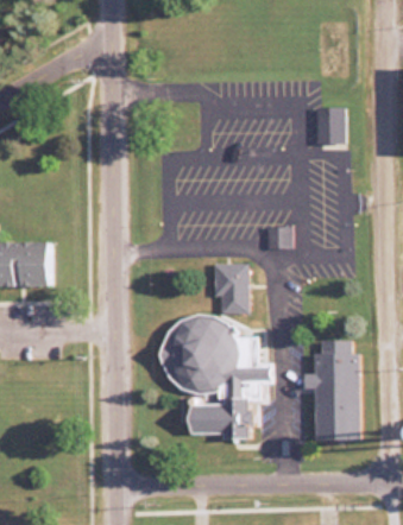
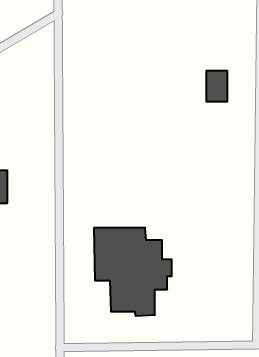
building: [216,264,248,314] -> none
building: [302,341,359,439] -> none

